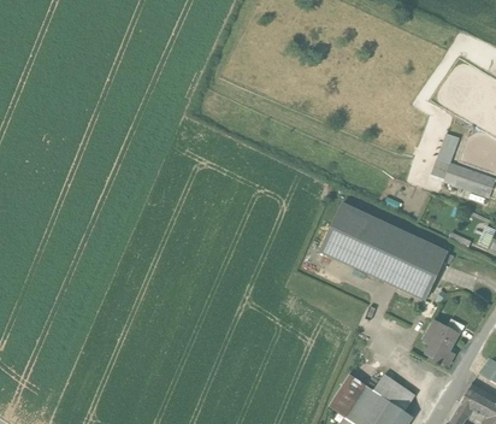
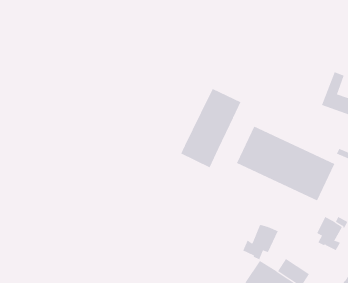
building: none -> [181,88,241,168]
building: none -> [243,224,278,260]

